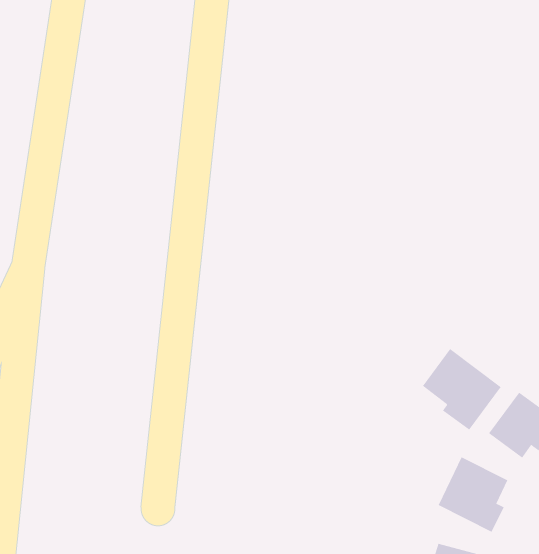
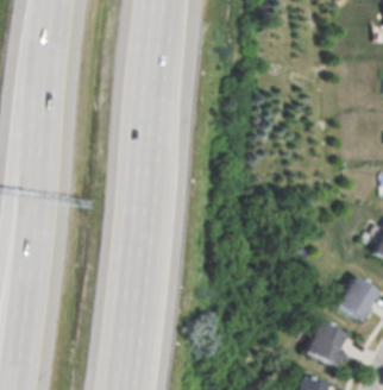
building: [422,348,501,431] -> none

